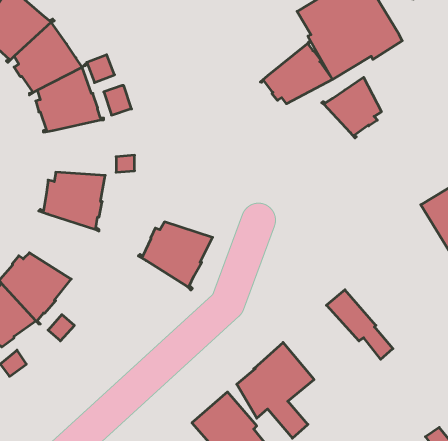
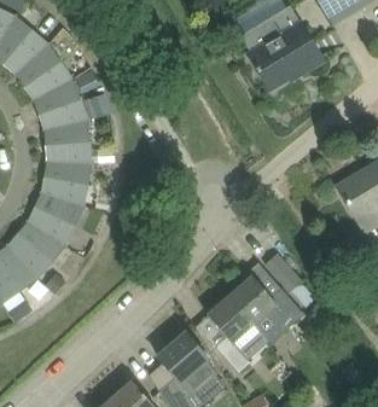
building: [260,42,333,104] -> none
building: [322,77,381,138] -> none
building: none -> [45,120,93,163]
building: [138,222,213,290] -> [25,193,83,246]
building: none -> [229,274,302,341]

